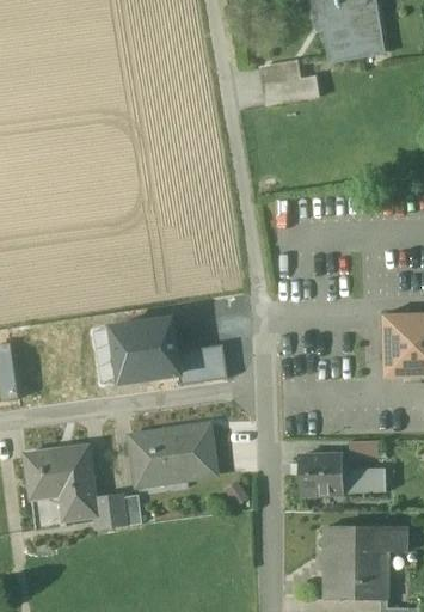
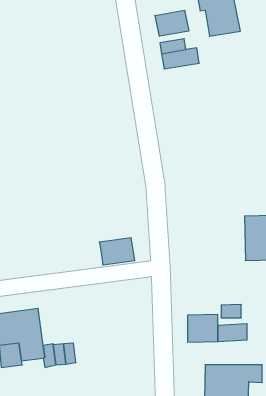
building: none -> [155,10,189,36]
building: [112,319,179,381] -> none
building: [131,432,216,479] -> none

